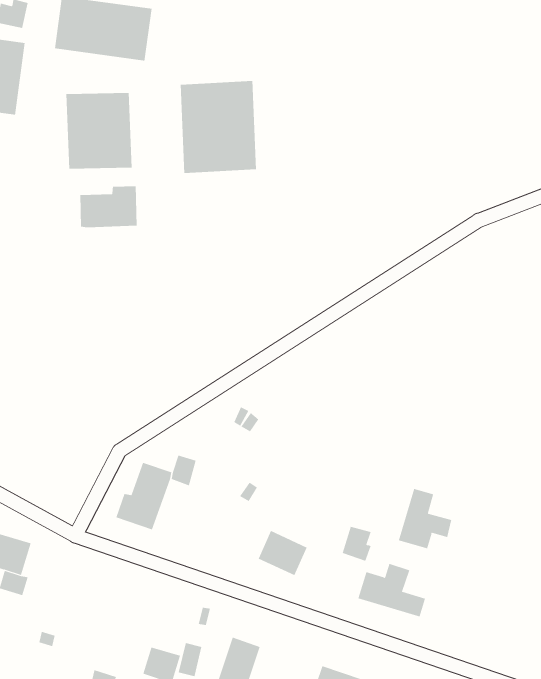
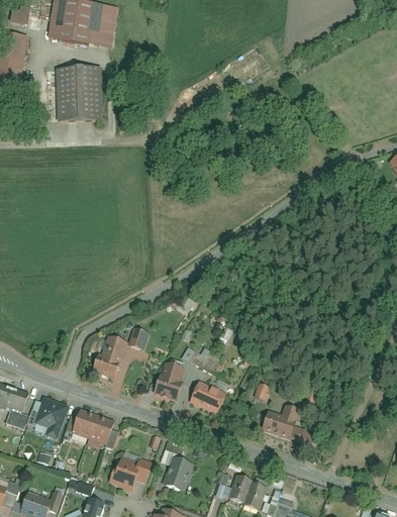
building: [180,80,256,174] -> none
building: [80,185,137,228] -> none
building: [398,488,452,549] -> none
building: none -> [154,358,186,399]
building: none -> [34,396,68,437]
building: none -> [71,410,112,444]

